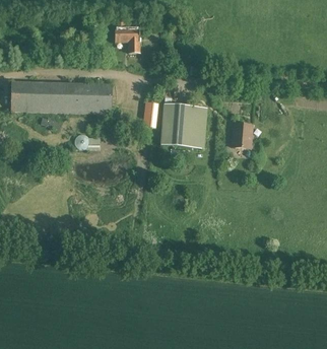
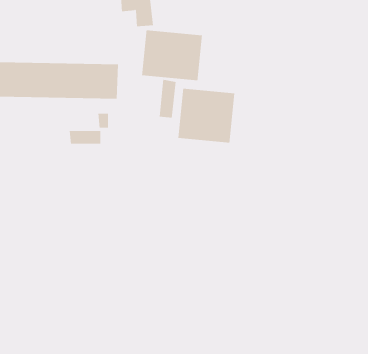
building: none -> [142,29,203,81]
building: [232,123,251,147] -> none

